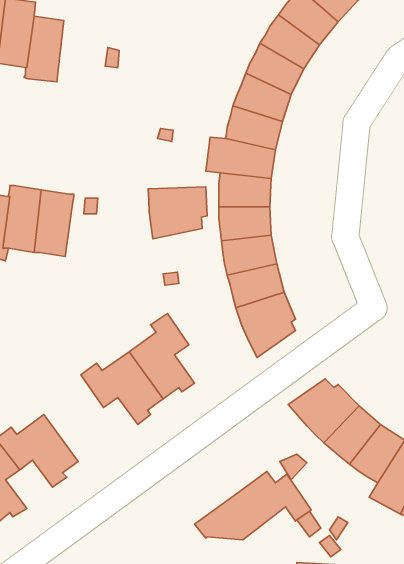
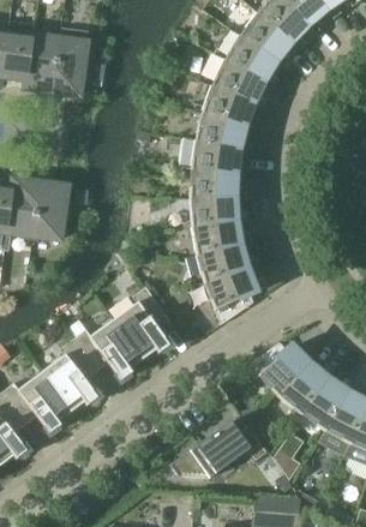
building: none -> [54,26,89,94]
building: [148,187,207,239] -> none
building: none -> [43,337,100,411]

